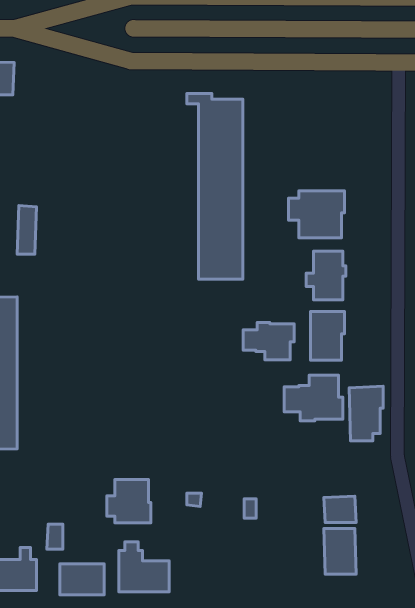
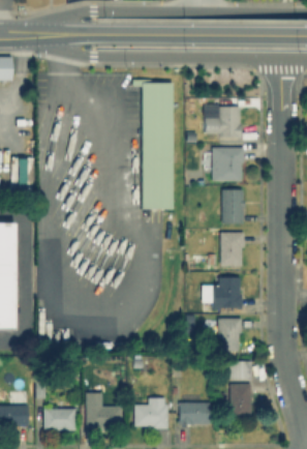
building: none -> [205,103,242,137]
building: [243,322,294,360] -> none
building: [349,386,383,441] -> [219,318,243,356]
building: [107,480,151,523] -> none
building: none -> [180,394,212,424]
building: none -> [135,397,170,428]

